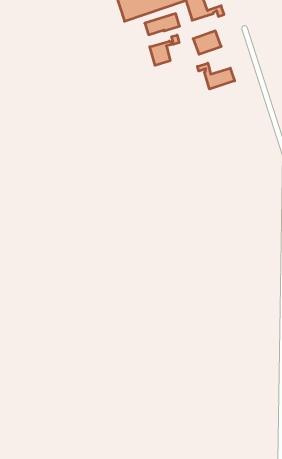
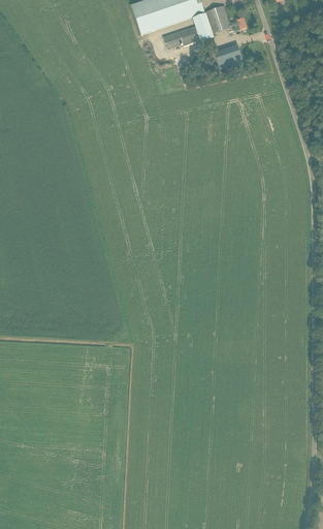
building: [150,35,179,65] -> none
building: [197,63,235,89] -> none

